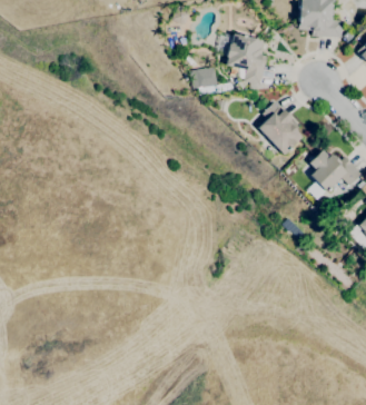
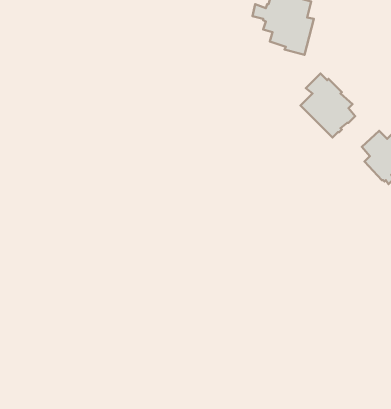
building: [189,67,217,89] -> none

